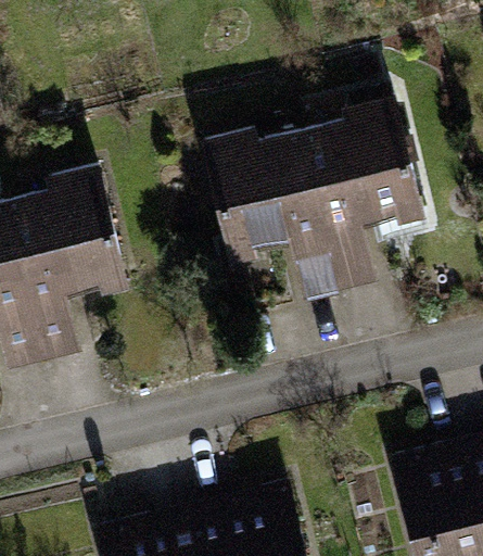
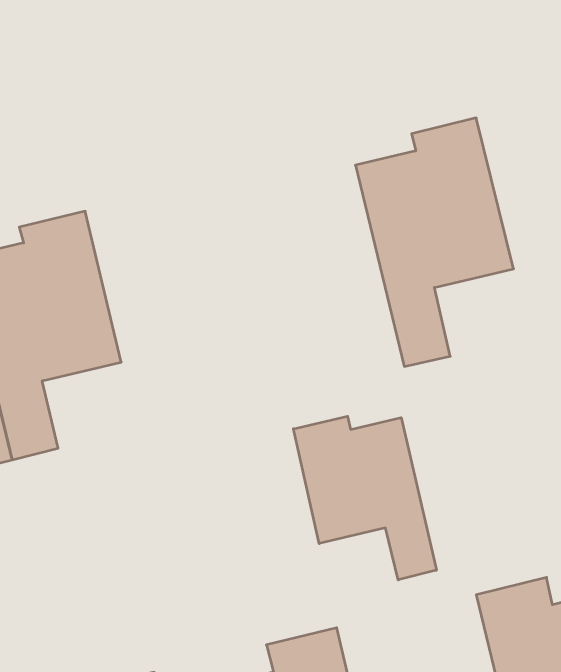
building: [205,135,341,316] -> none
building: none -> [293,416,436,580]

